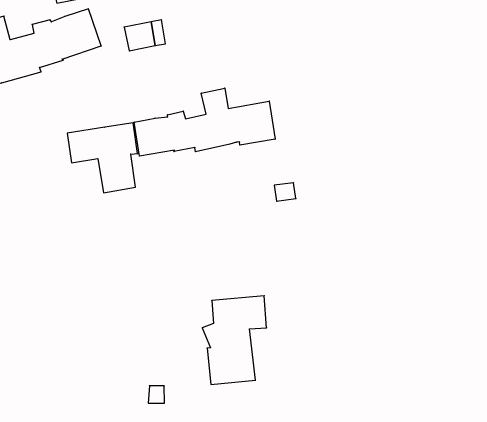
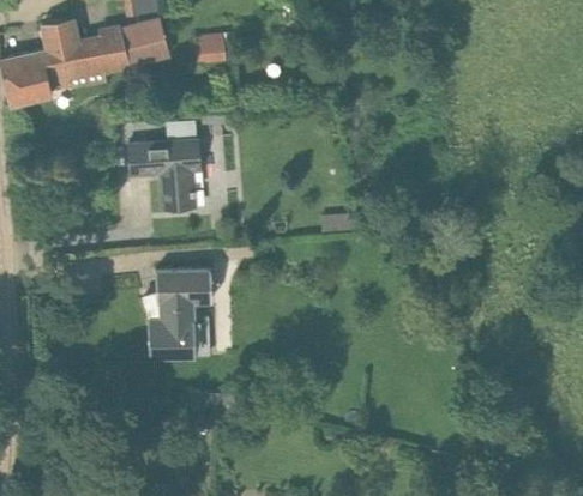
building: [134,88,275,156] -> none
building: [202,296,267,384] -> [145,270,212,358]

